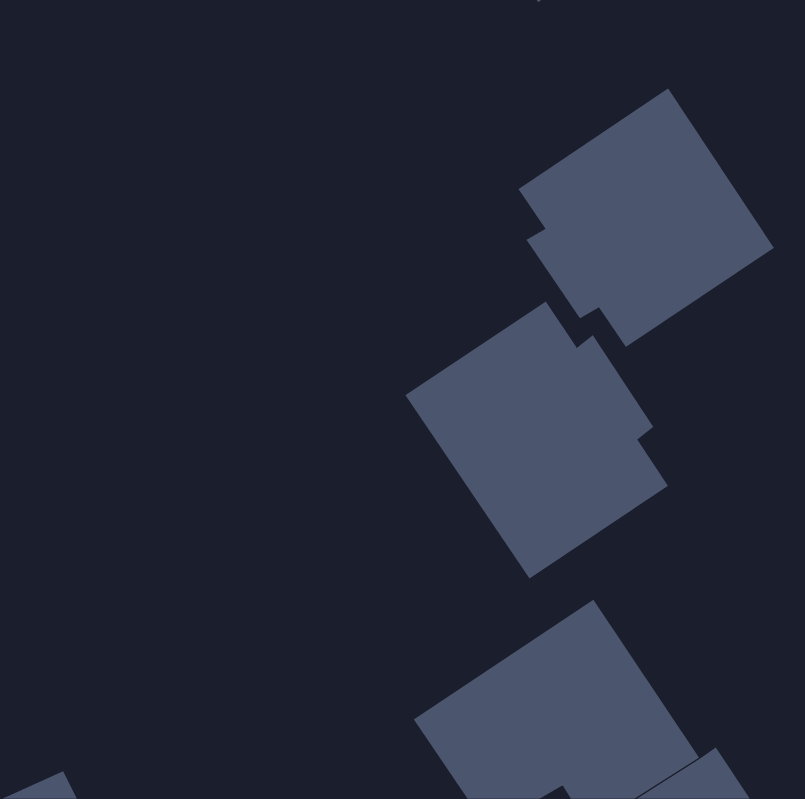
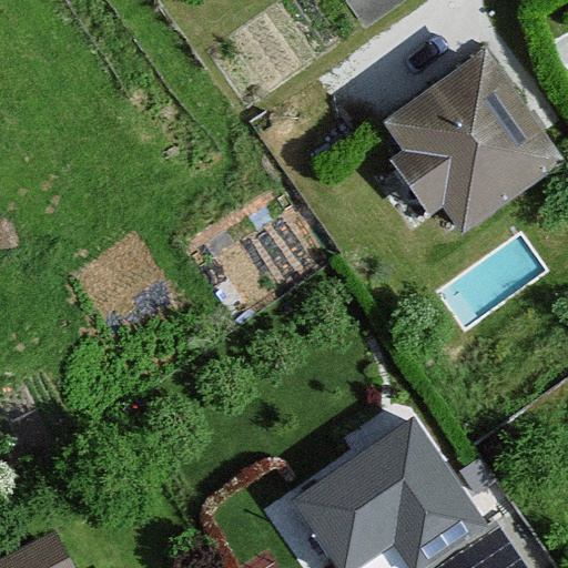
building: [405,301,669,580] -> none

